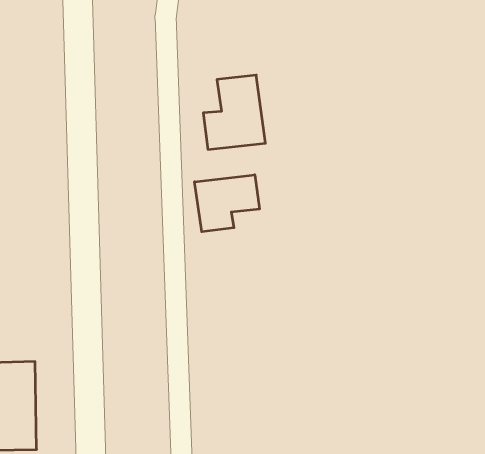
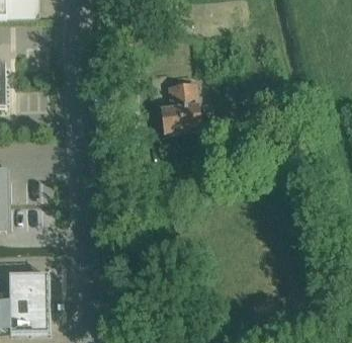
building: [195,175,259,232] -> none

